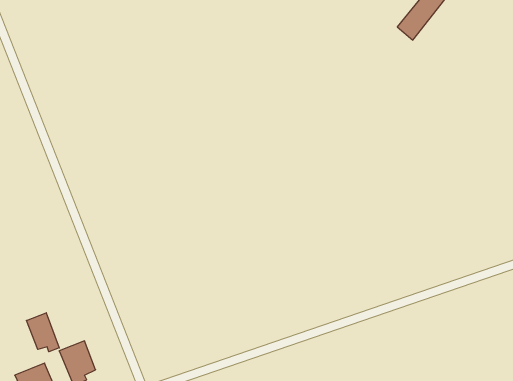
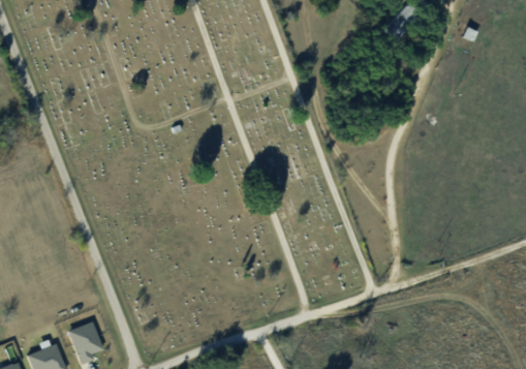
building: [26,313,59,352] -> none

